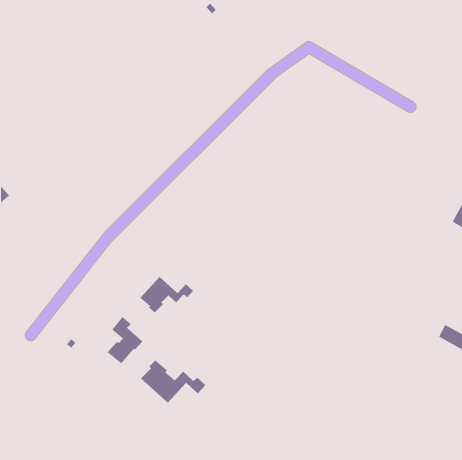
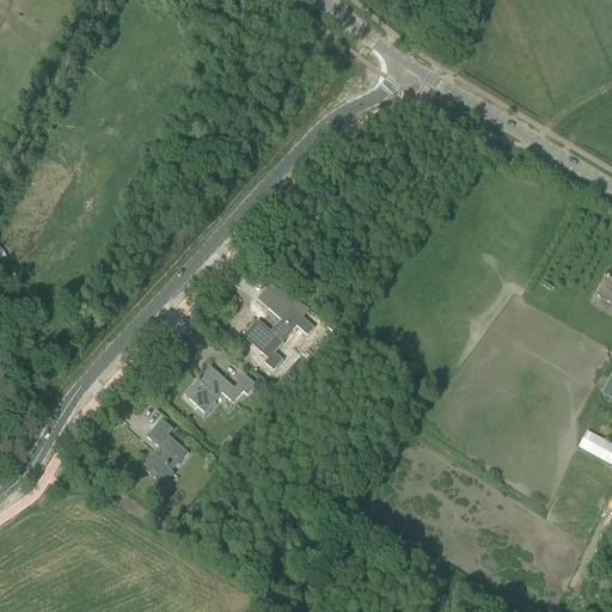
building: none -> [244,293,316,368]
building: [140,360,206,404] -> none

